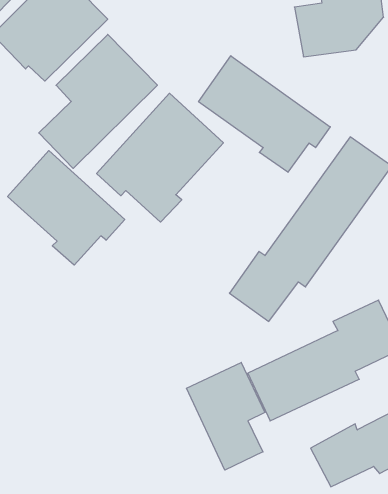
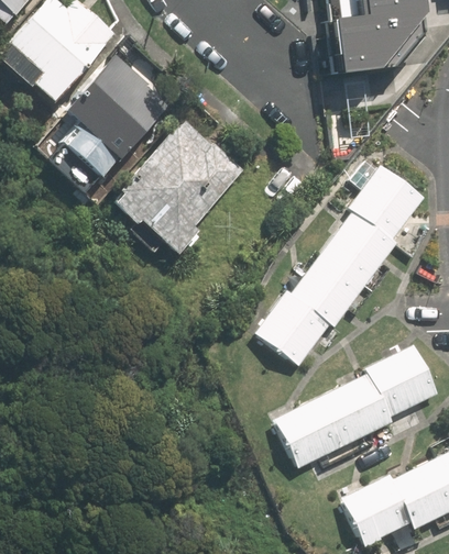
building: [199,56,330,172] -> none
building: [8,151,125,265] -> none
building: [187,362,265,470] -> none

